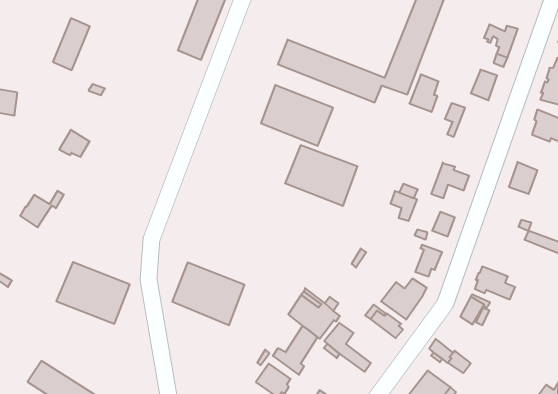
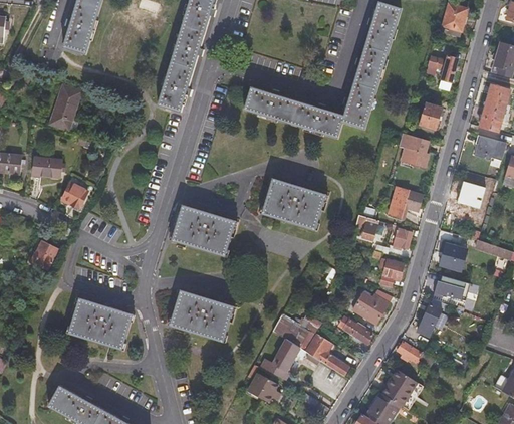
building: [409,74,439,112] -> [406,137,430,169]
building: [261,85,333,146] -> [172,205,234,255]
building: none -> [33,153,61,175]
building: none -> [440,244,466,271]

